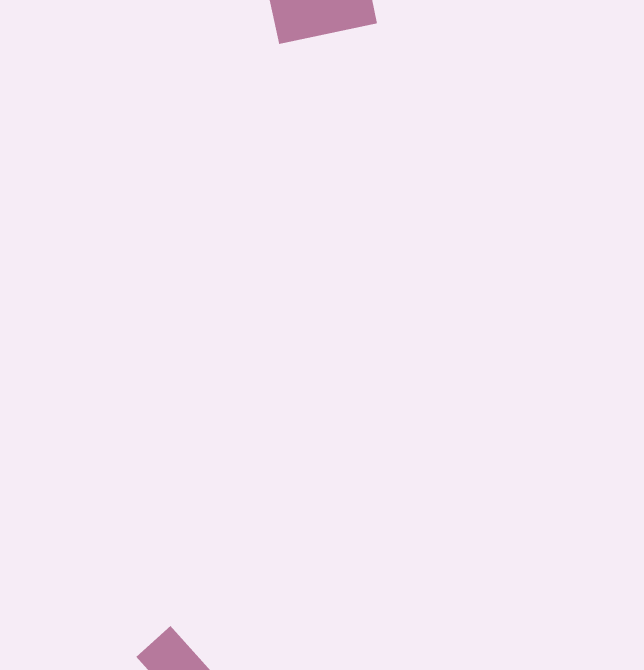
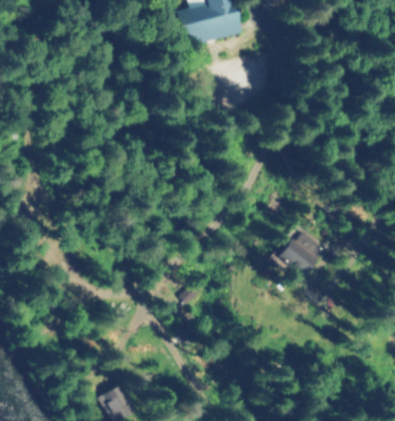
building: none -> [278,228,326,275]

